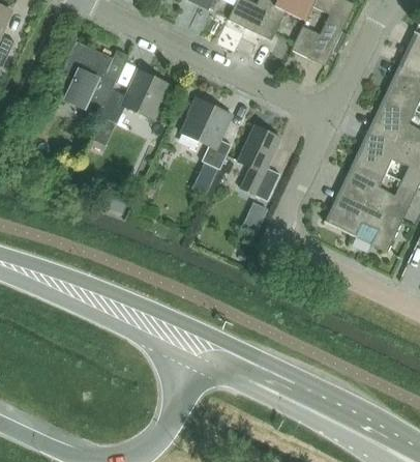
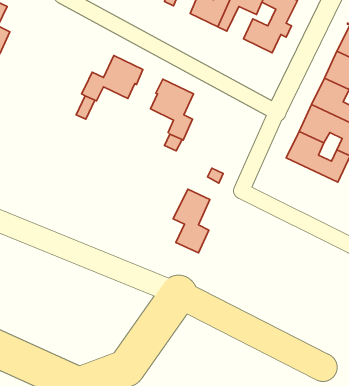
building: [56,39,117,106] -> none
building: [237,124,280,200] -> [173,189,210,253]
building: [324,190,402,251] -> none

